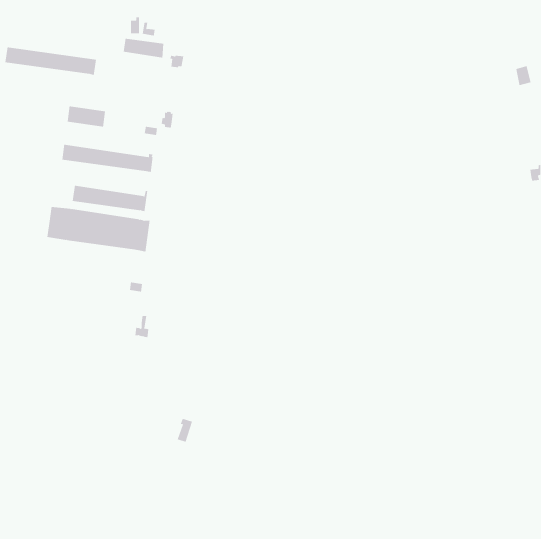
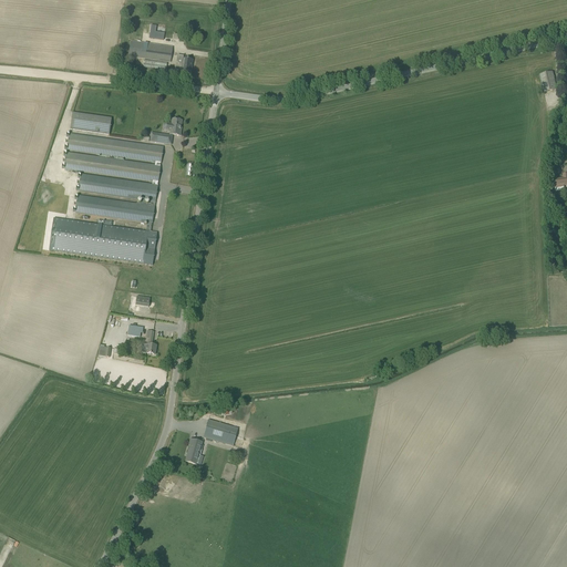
building: [5,47,97,75] -> [66,132,163,162]
building: none -> [79,173,158,199]
building: none -> [203,419,238,444]

